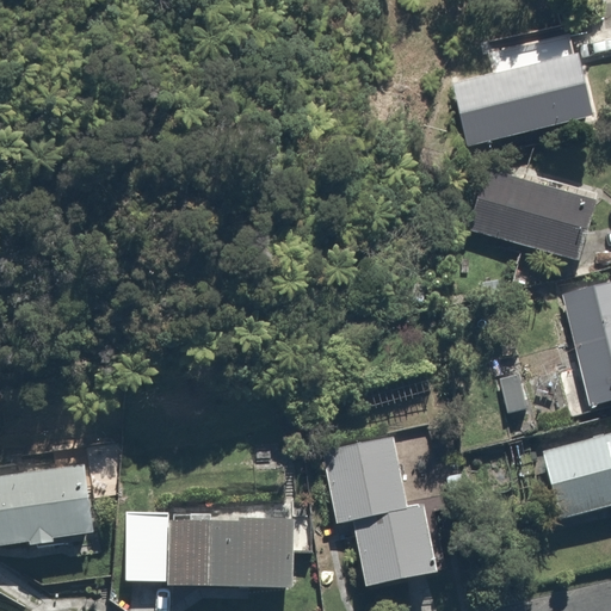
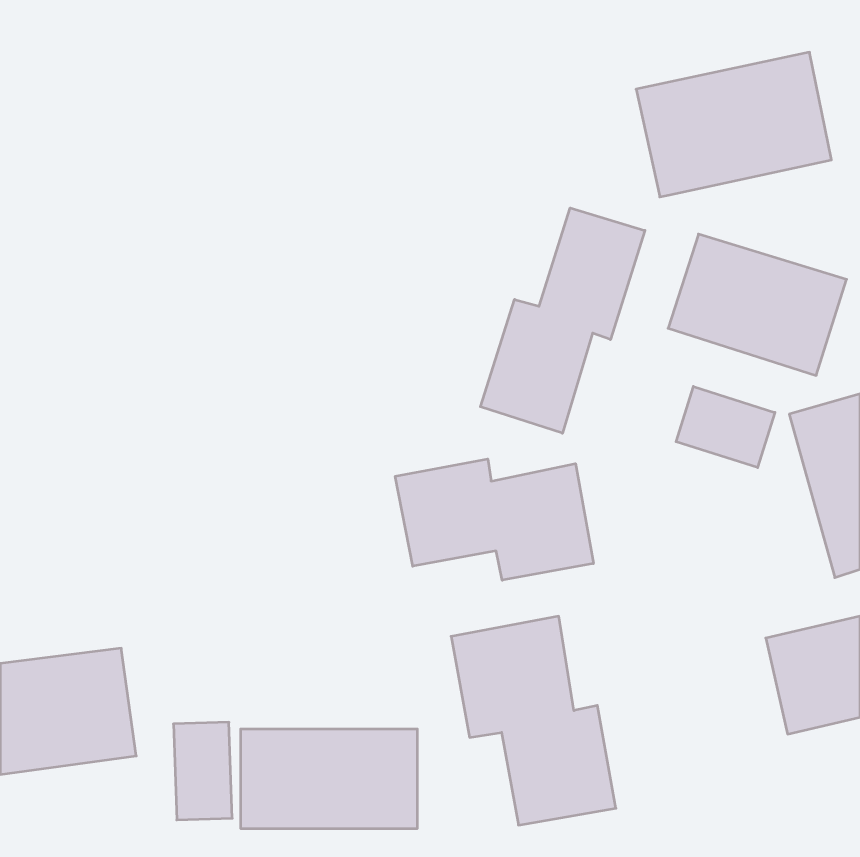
building: none -> [480,208,645,433]
building: none -> [676,386,775,468]
building: none -> [395,459,593,580]

